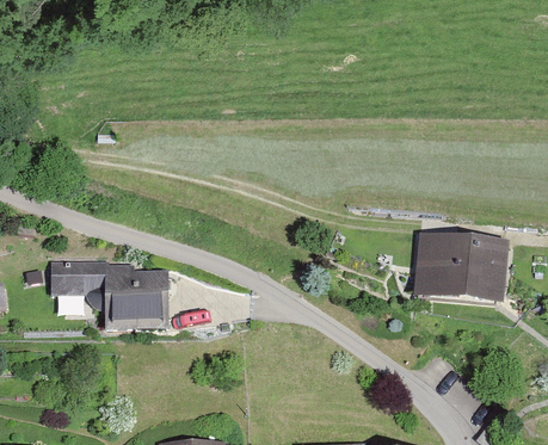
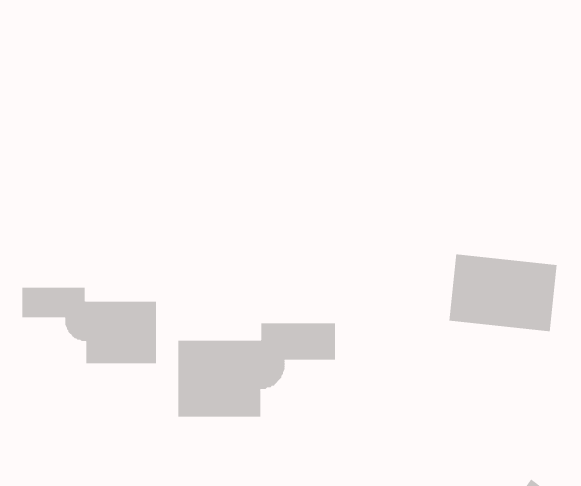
building: none -> [178,322,336,417]

